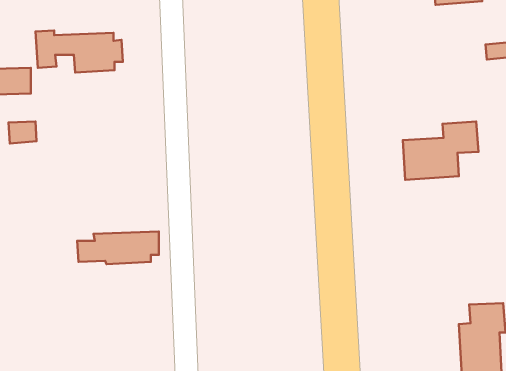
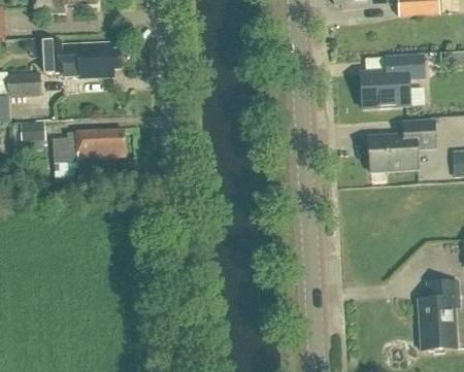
building: none -> [360,54,424,107]
building: [77,232,159,264] -> [52,129,124,158]

